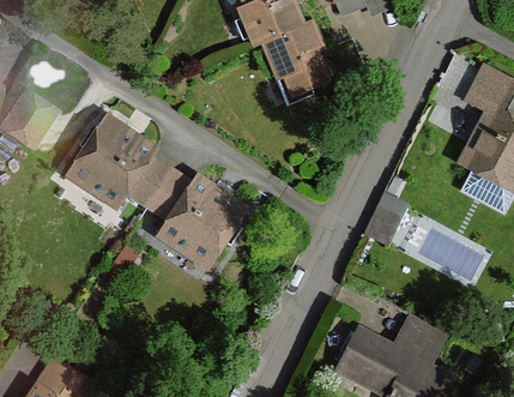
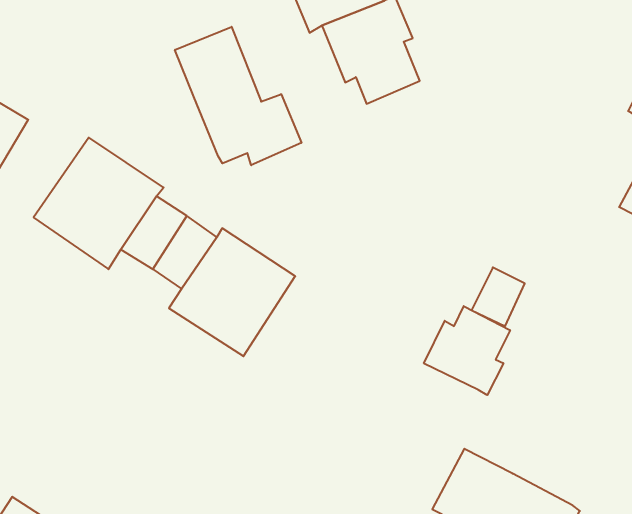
building: none -> [175,27,301,165]
building: none -> [424,306,510,395]
building: [389,314,443,365] -> none

